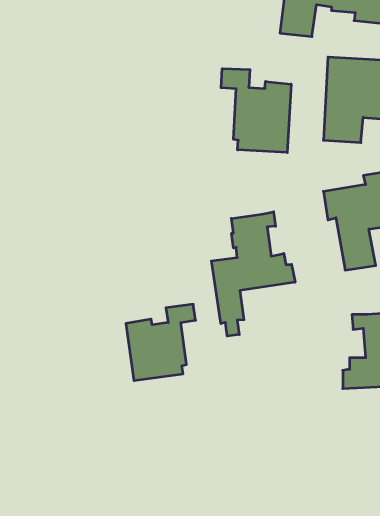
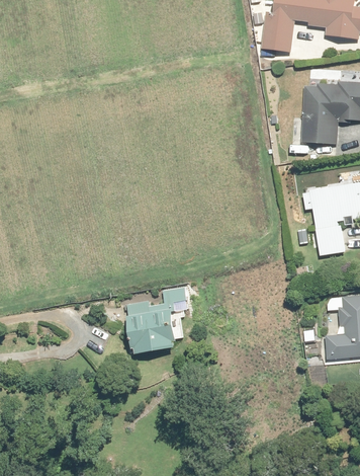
building: [221,69,291,153] -> none
building: [211,212,295,336] -> none

